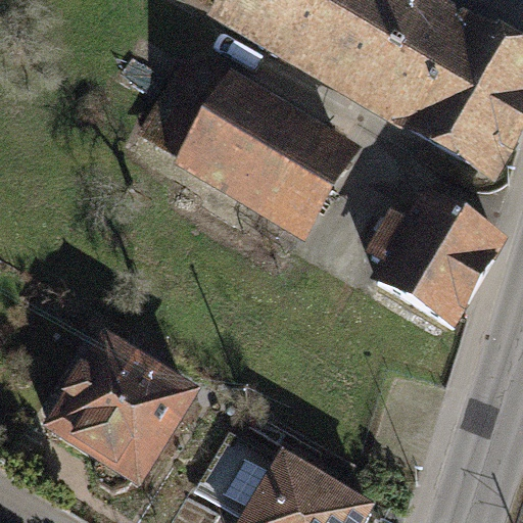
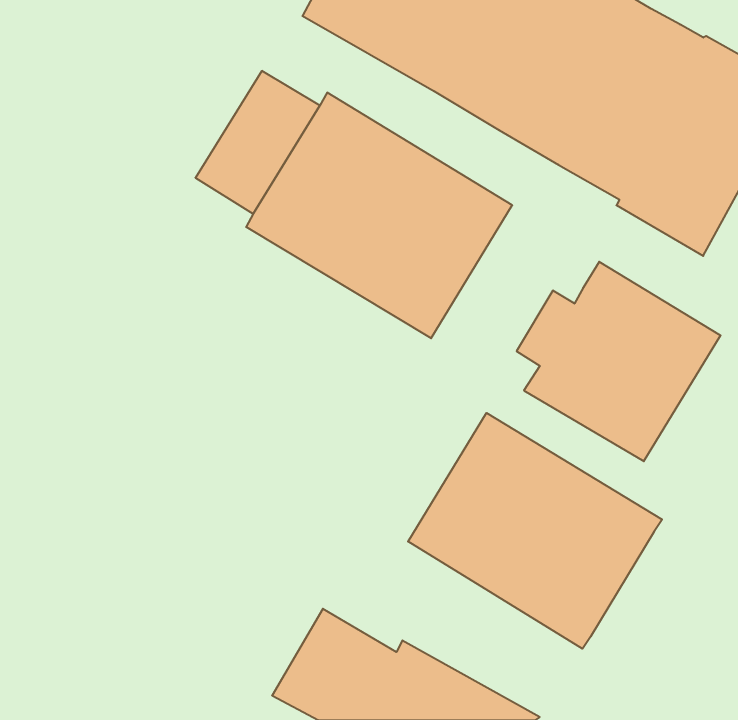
building: none -> [408,413,662,649]
building: [39,335,196,492] -> none

